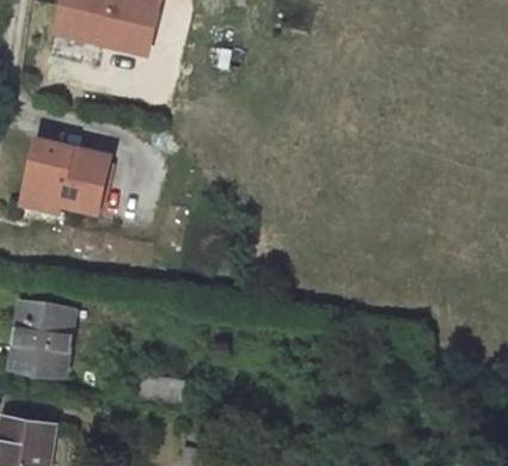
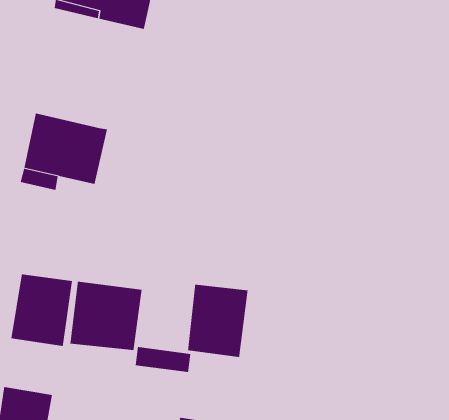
building: none -> [70,281,142,351]
building: none -> [188,284,248,358]

